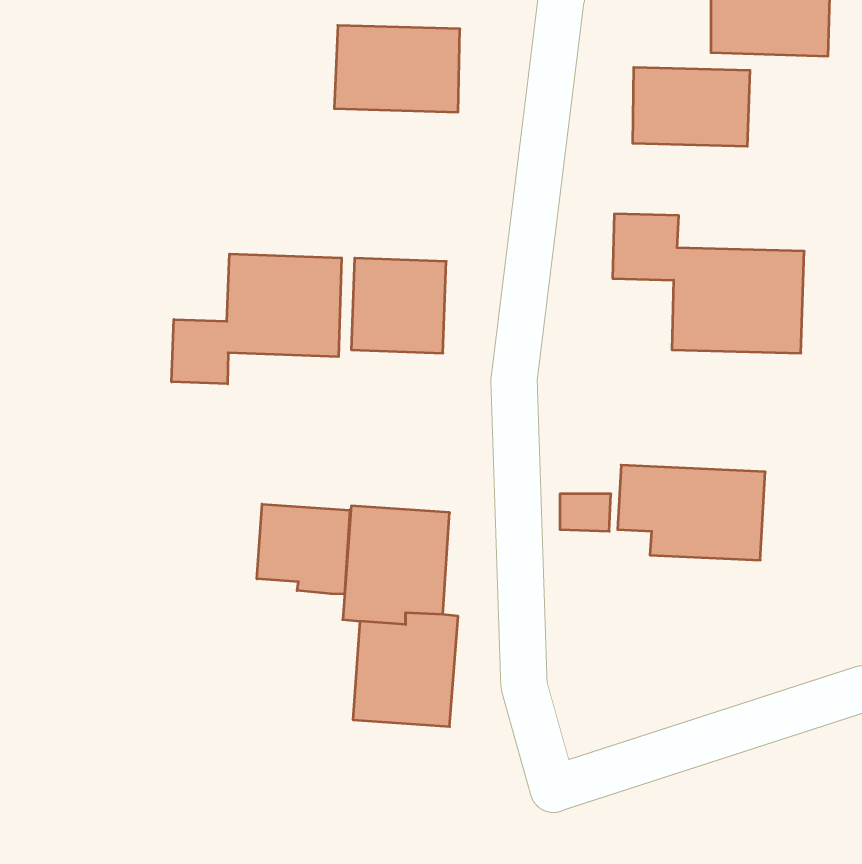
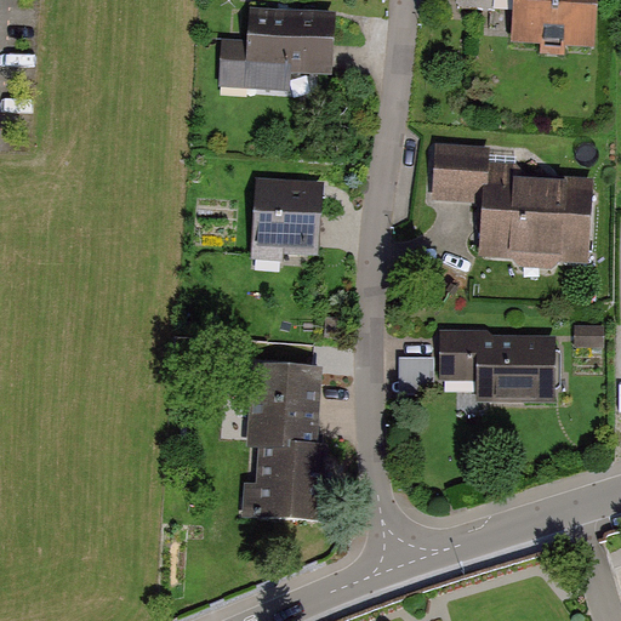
building: [633,67,750,146] -> none
building: [172,254,342,384] -> none
building: [257,504,350,594] -> none

